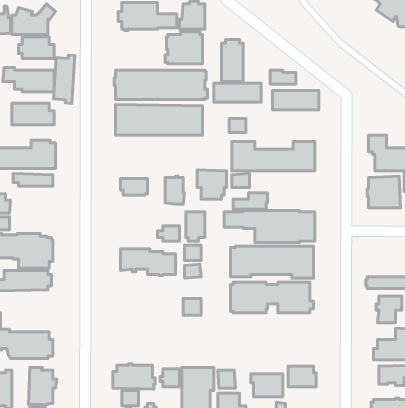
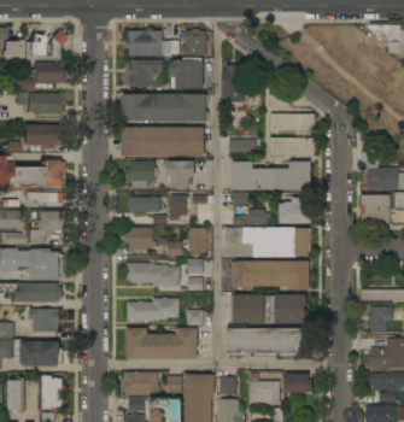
building: none -> [128,59,163,87]
building: [54,55,75,103] -> none
building: [214,83,261,102] -> [269,137,314,156]
building: none -> [124,162,157,189]
building: [197,170,227,199] -> [166,160,194,188]
building: none -> [279,198,310,223]
building: none -> [29,211,65,244]
building: none -> [124,228,156,248]
building: none -> [125,297,178,322]
building: none -> [29,309,59,332]
building: none -> [125,328,197,359]
building: none -> [227,329,306,356]

